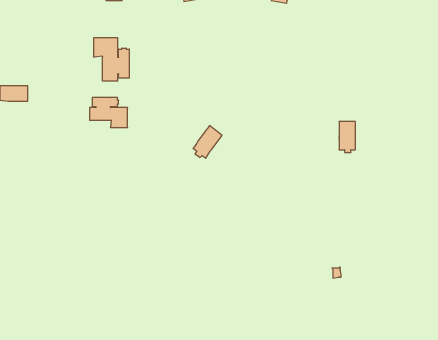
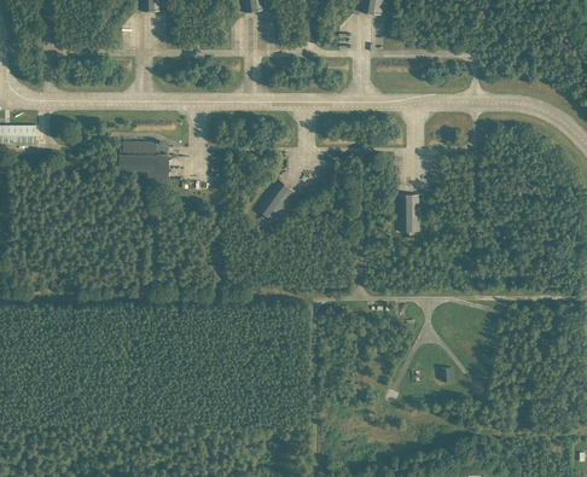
building: [94,38,129,81] -> none
building: [339,122,355,152] -> [399,194,420,235]

